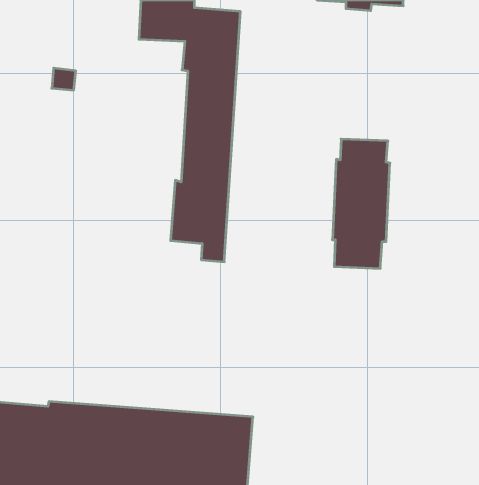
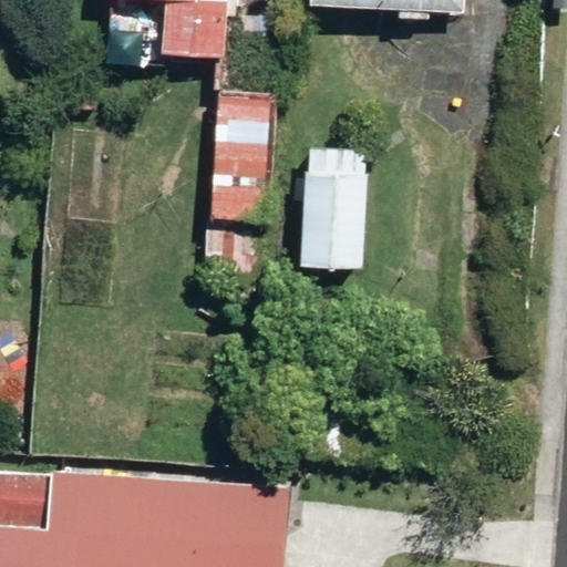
building: [332,139,390,268] -> [298,145,364,295]

